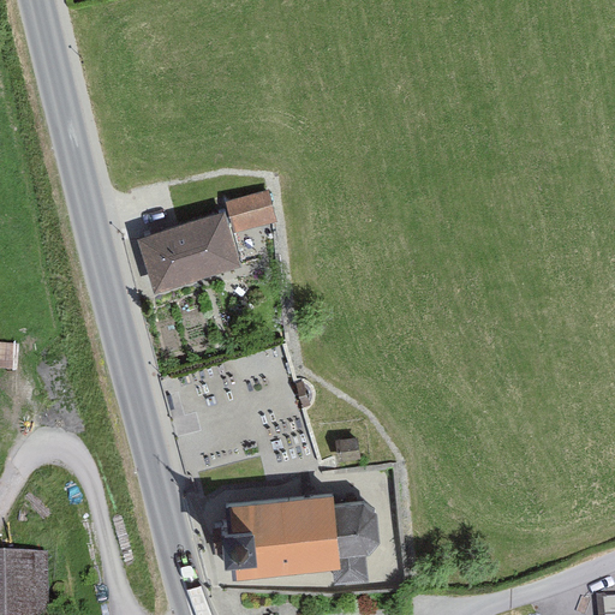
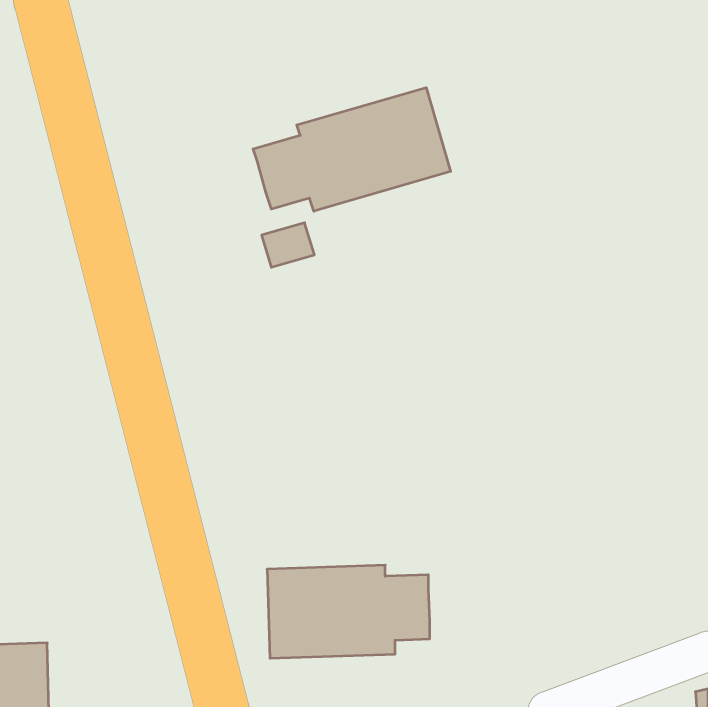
building: none -> [253,88,451,211]
building: [139,215,239,294] -> none

